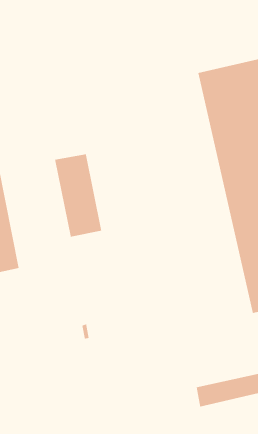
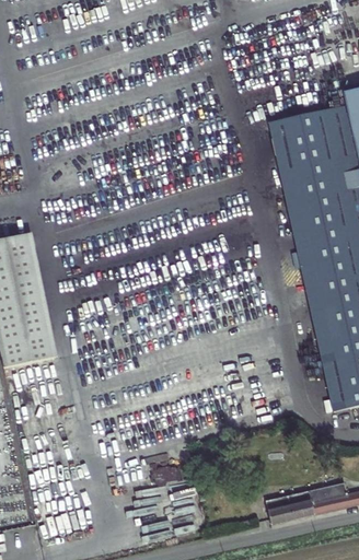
building: [55,153,102,238] -> none

